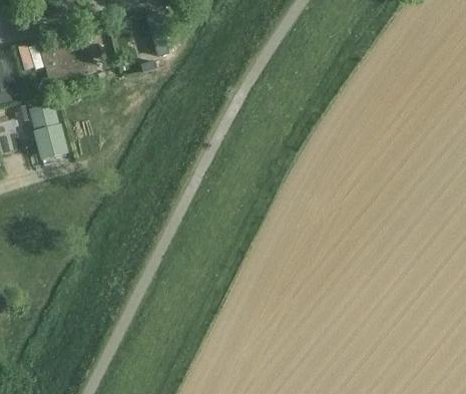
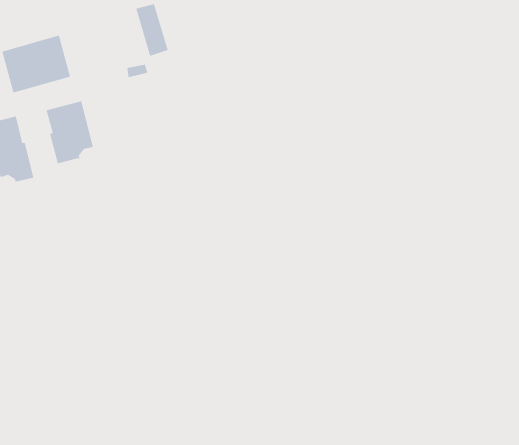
building: none -> [46,100,93,164]

